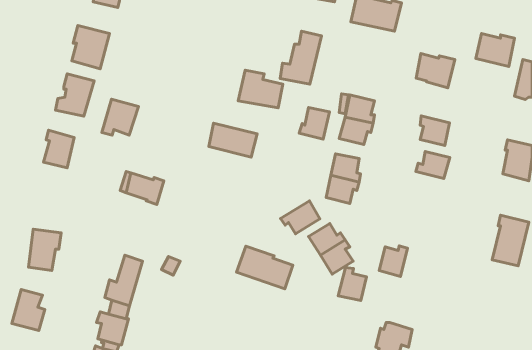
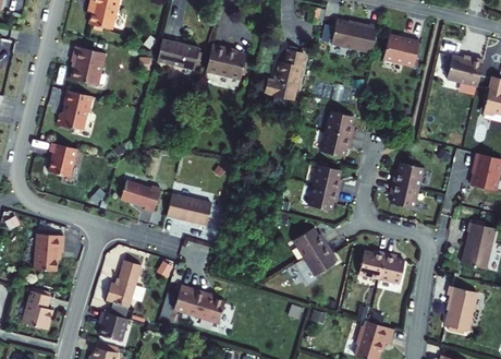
building: none -> [156,43,199,73]
building: [416,54,455,88] -> [384,35,420,67]
building: [238,70,283,108] -> [205,46,246,81]
building: [102,99,138,135] -> none
building: [299,108,330,139] -> none
building: [420,116,449,145] -> [391,181,418,208]
building: [209,123,257,157] -> [168,194,212,226]
building: [281,201,320,234] -> none
building: [236,246,293,289] -> [172,286,224,325]
building: [338,267,367,300] -> [378,252,404,283]
building: none -> [445,287,478,333]

